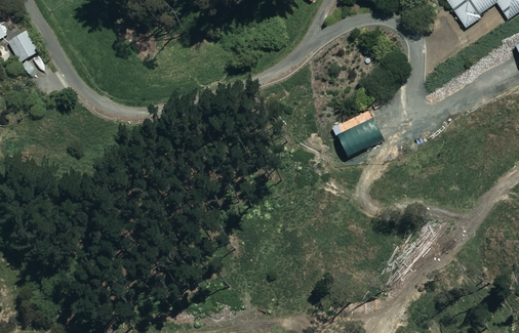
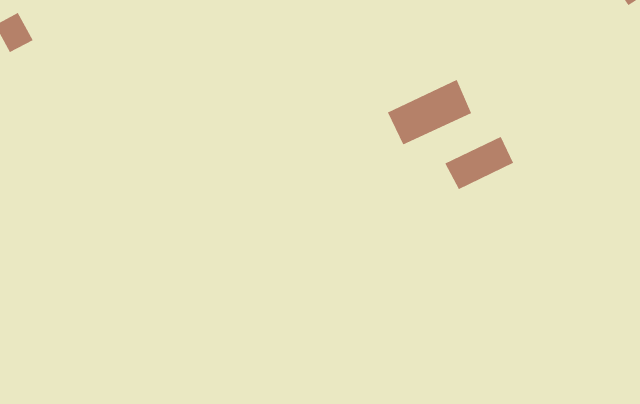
building: none -> [387,79,472,145]

